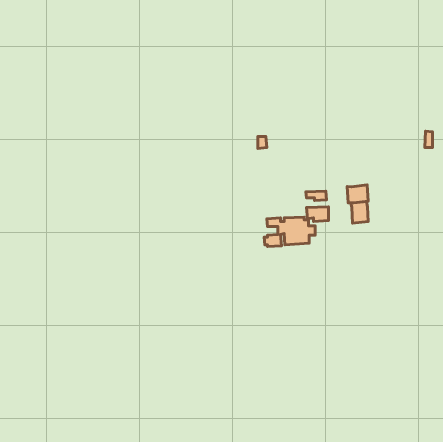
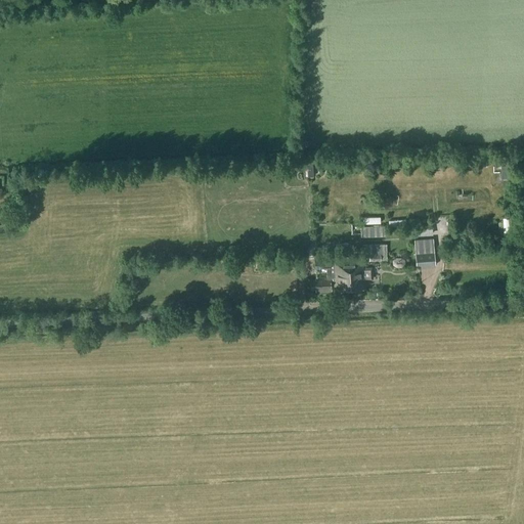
building: [347,185,368,203] -> none

